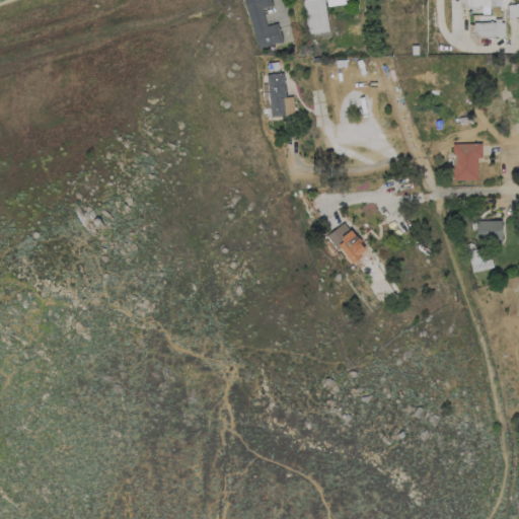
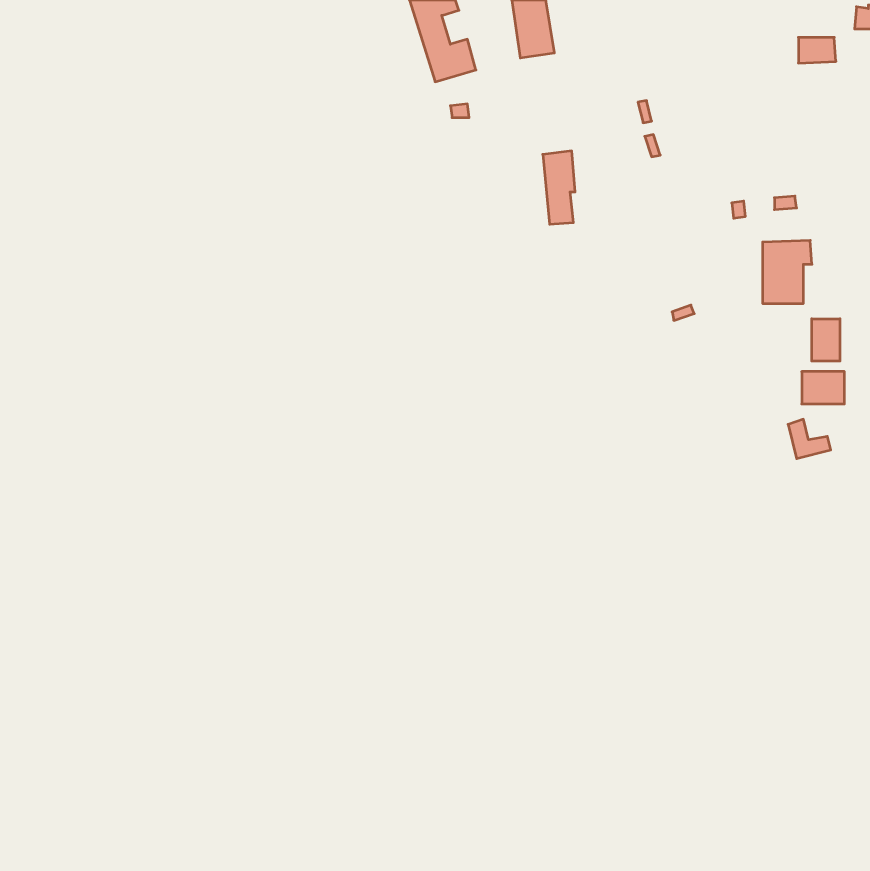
building: [268,73,287,117] -> [543,151,575,224]
building: none -> [812,319,840,361]
building: [328,223,366,264] -> none

